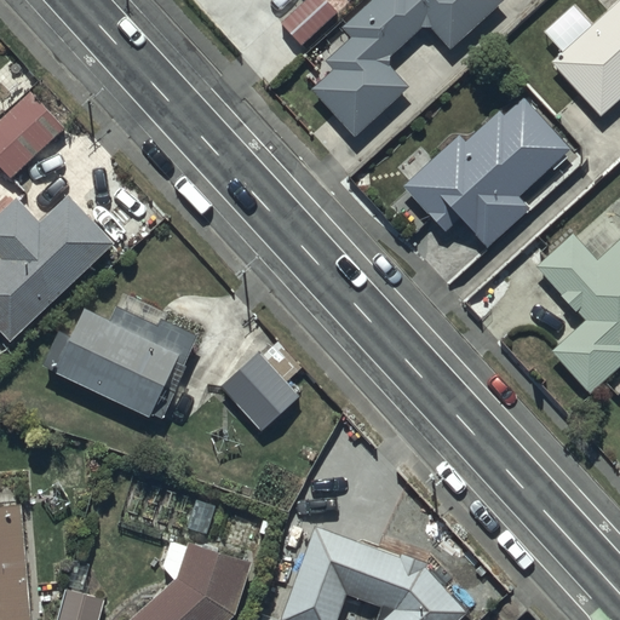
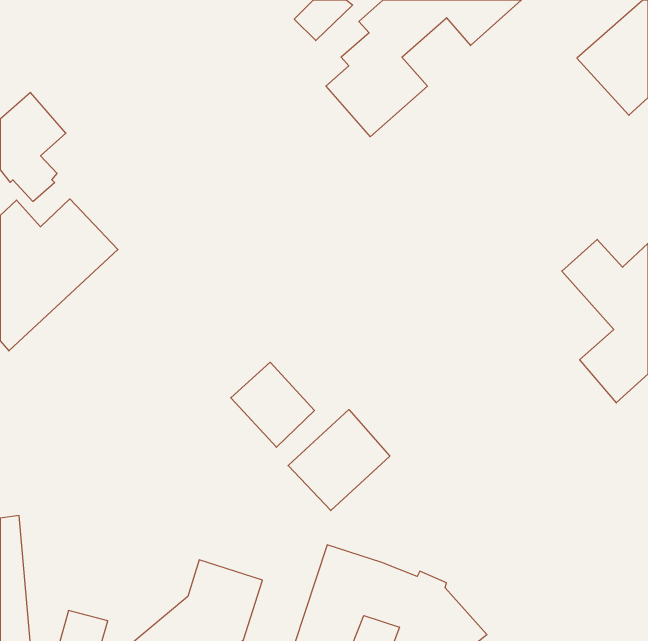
building: [402,98,569,247] -> none
building: [41,293,197,418] -> none
building: none -> [288,410,390,511]

